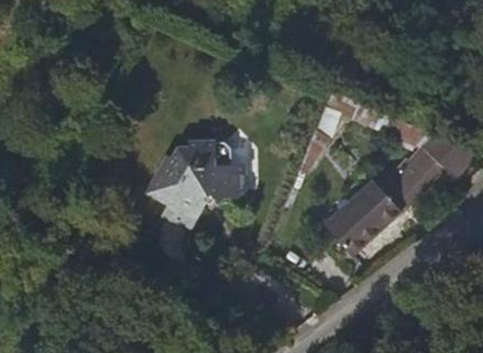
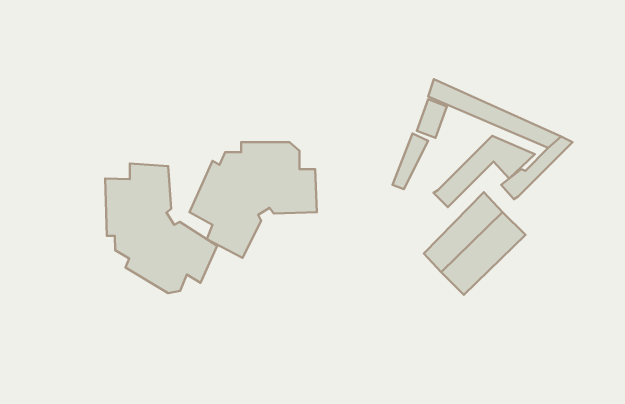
building: [396,140,473,195] -> [433,136,535,207]
building: none -> [105,164,217,293]

